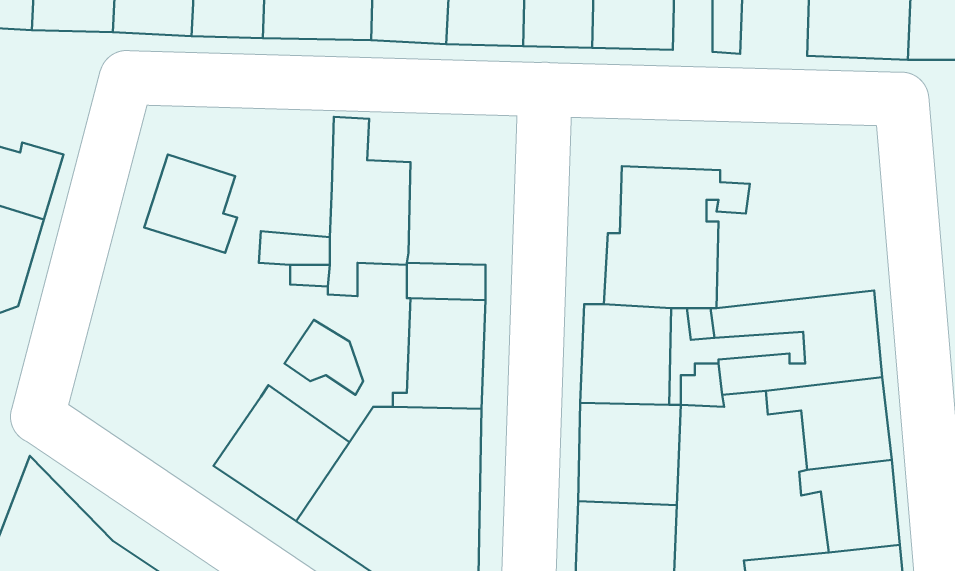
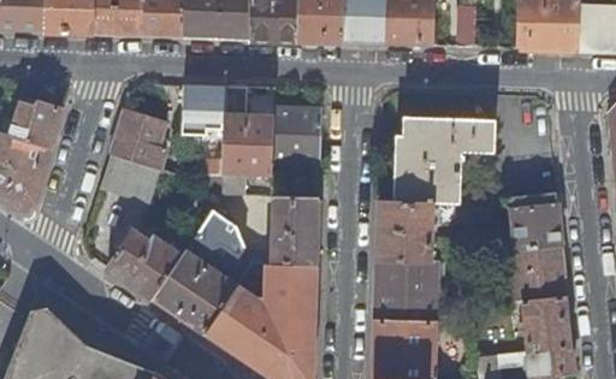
building: none -> [183,85,226,130]
building: none -> [272,107,321,170]
building: none -> [101,154,160,201]
building: none -> [107,231,182,300]

